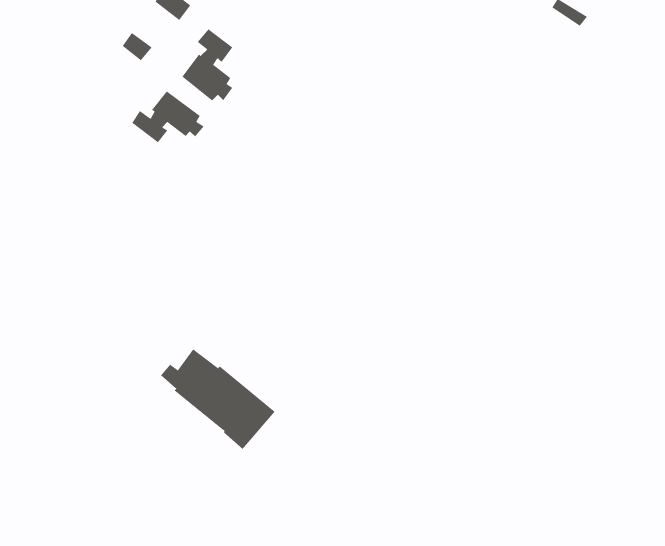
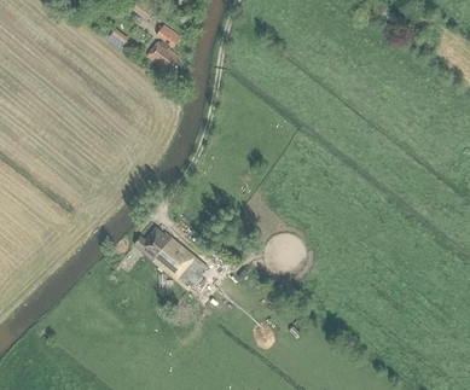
building: [131,91,204,143] -> none

